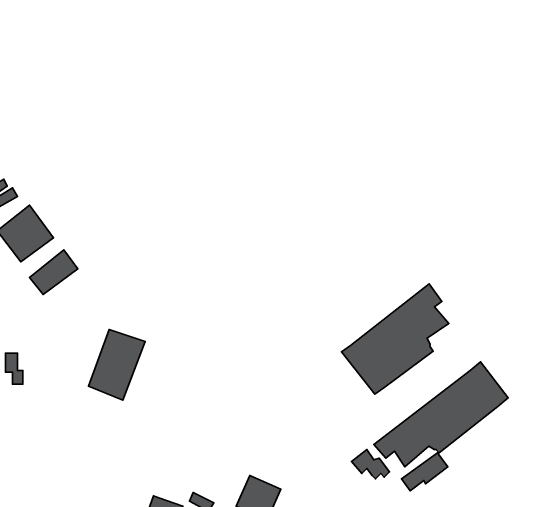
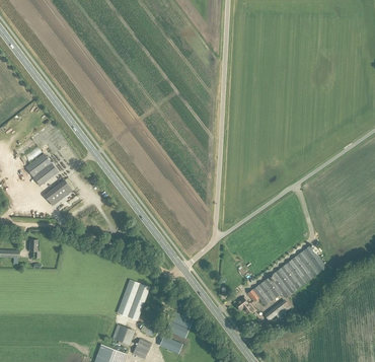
building: [342,284,449,394] -> none
building: [88,330,145,400] -> [117,280,150,321]

